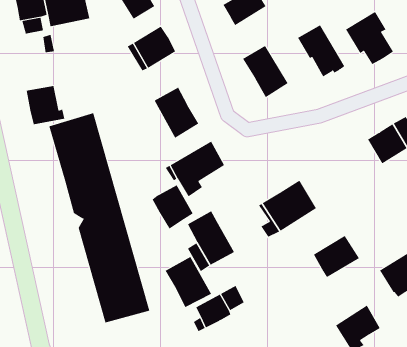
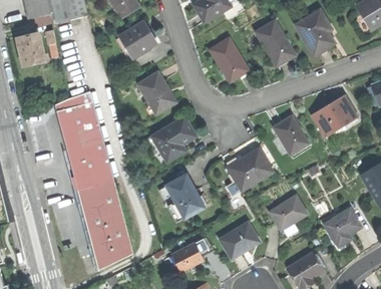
building: [26,86,65,125] -> [17,33,49,65]
building: none -> [273,116,308,155]
building: [152,185,193,229] -> none
building: [165,256,212,308] -> none
building: none -> [220,221,259,257]

